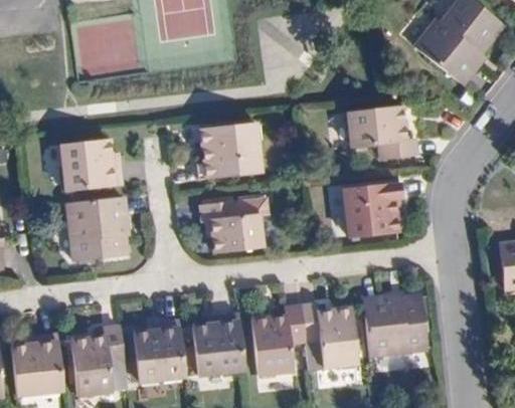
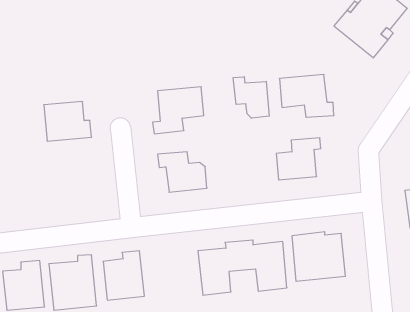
building: none -> [233,77,269,118]
building: [67,197,126,259] -> none
building: [194,315,243,376] -> none

